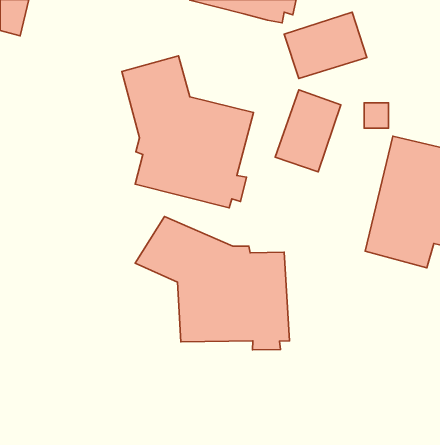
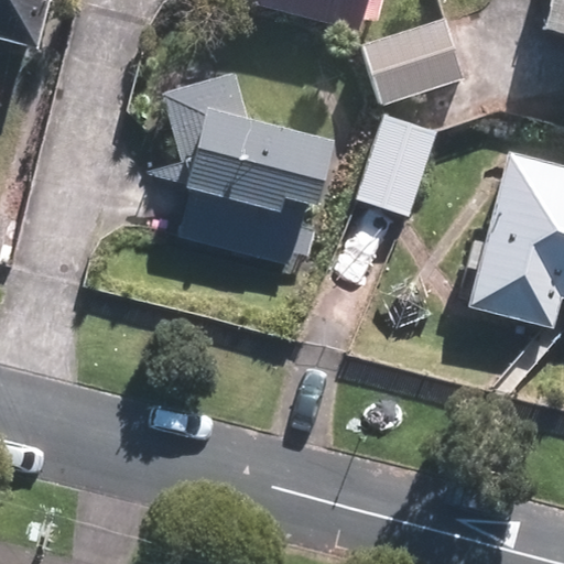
building: [135,216,290,350] -> none

